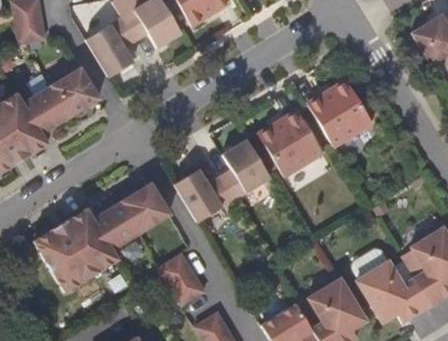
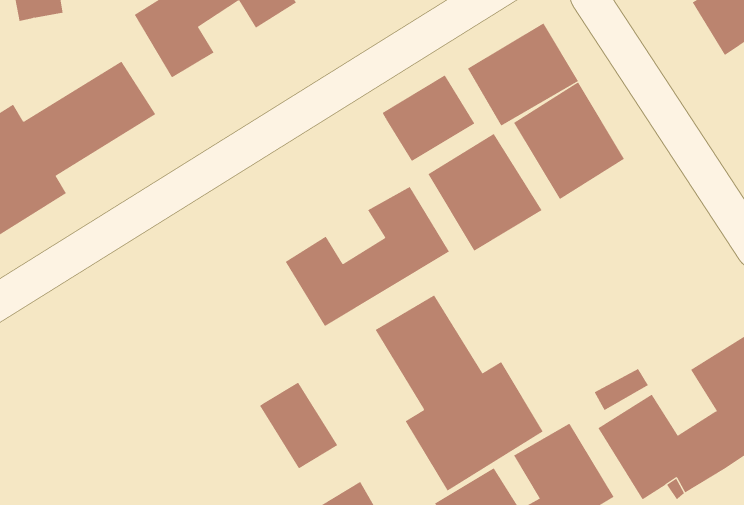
building: none -> [467,22,579,126]
building: none -> [382,74,475,162]
building: [35,183,170,291] -> none
building: none -> [375,295,544,492]

